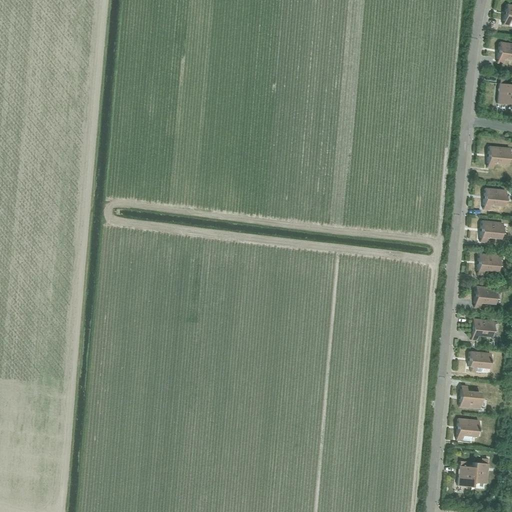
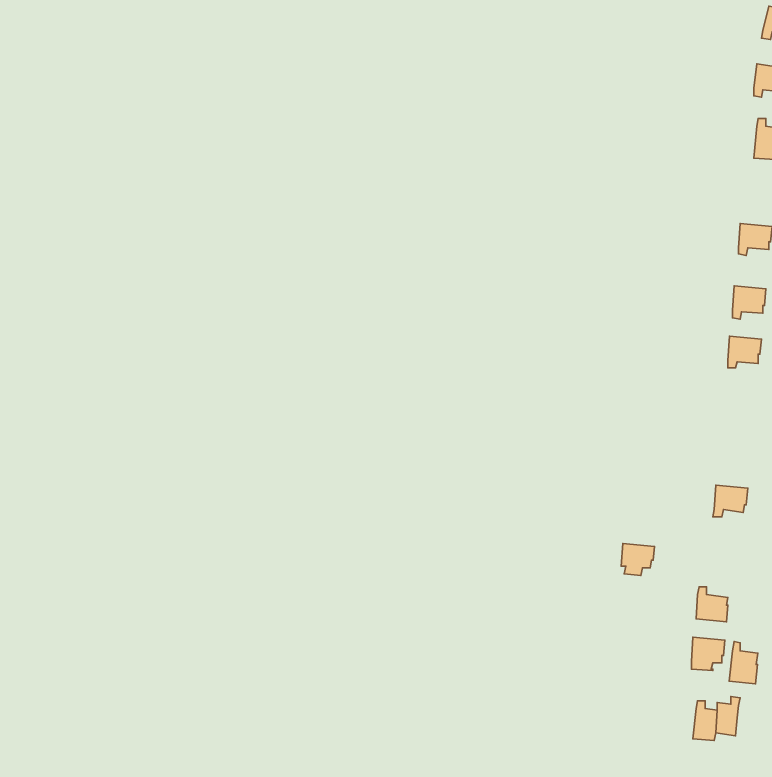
building: [479,254,501,275] -> none
building: [476,286,498,308] -> none
building: [470,352,492,373] -> [621,543,655,575]
building: none -> [729,641,758,684]

